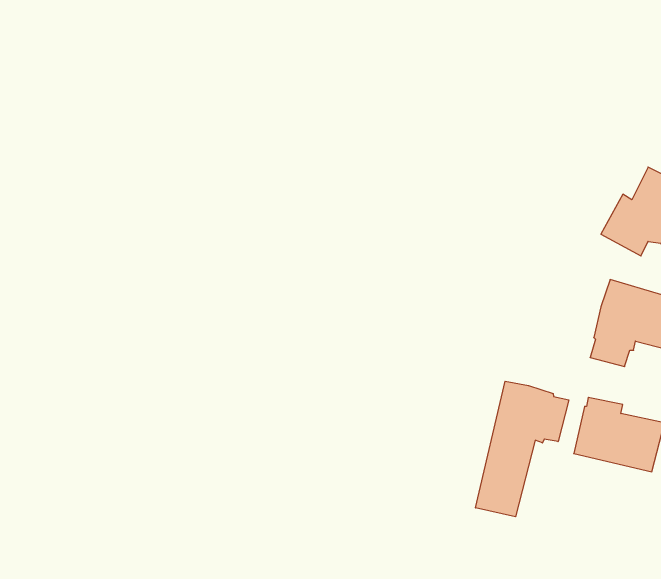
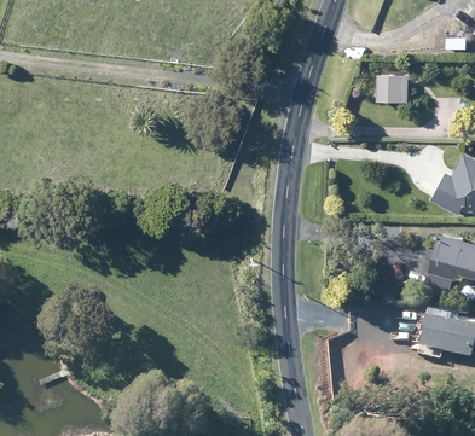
building: none -> [376,74,407,100]
building: [476,381,569,517] -> none

